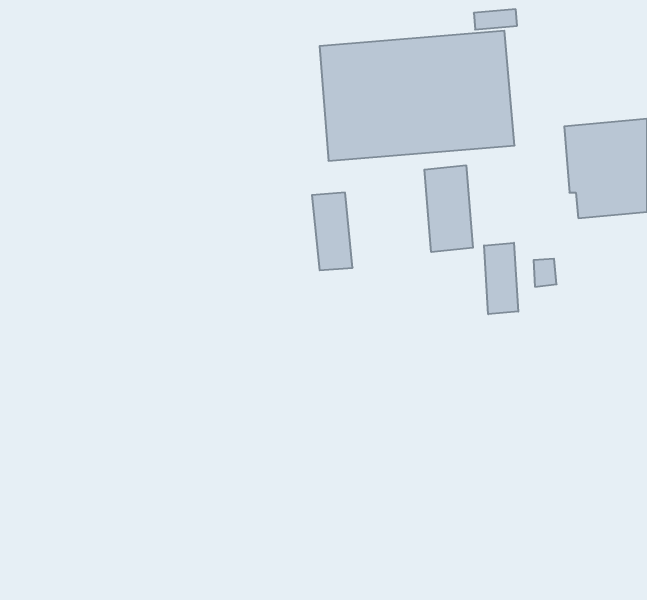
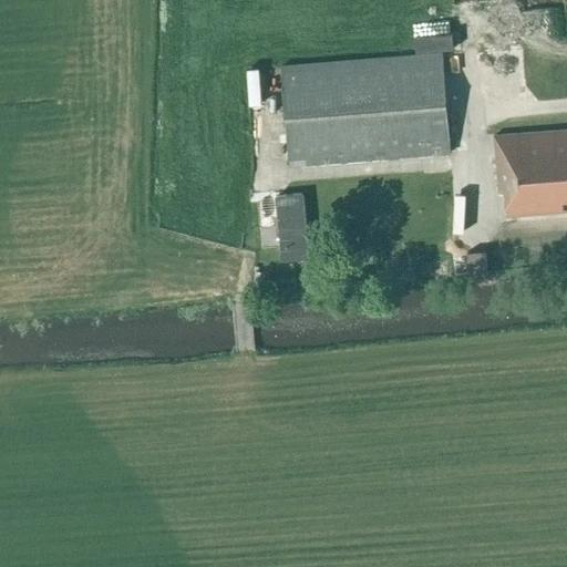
building: [424,165,473,252] -> none
building: [484,243,518,314] -> none

